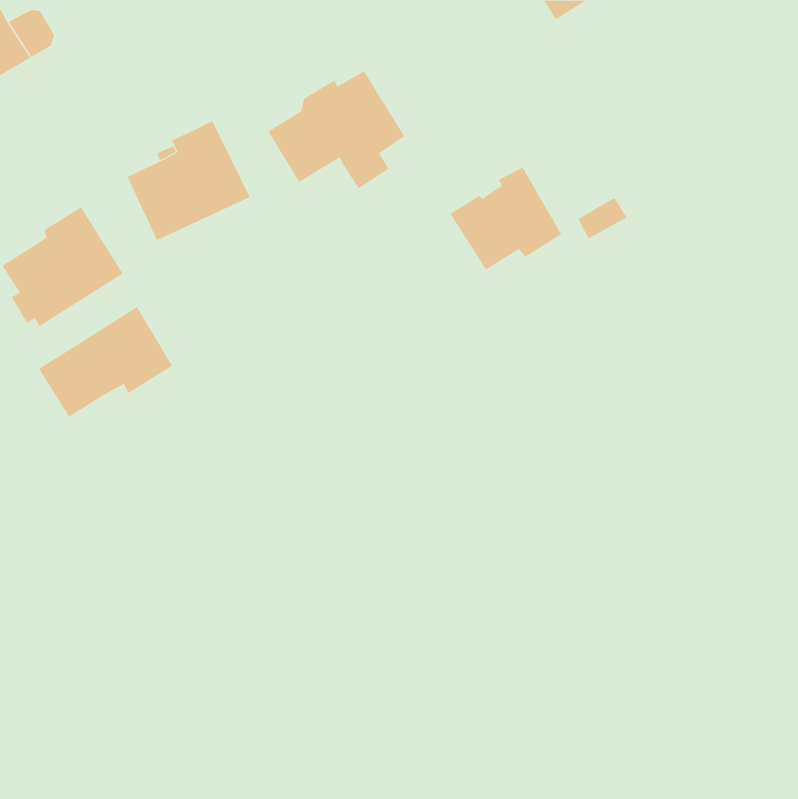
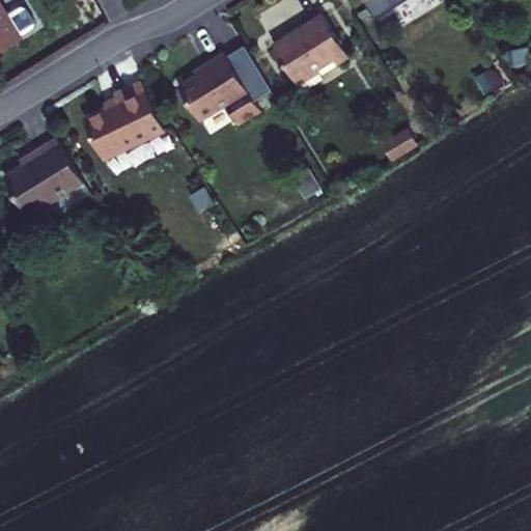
building: [450,167,562,270] -> [271,15,345,83]
building: [38,306,173,417] -> none

